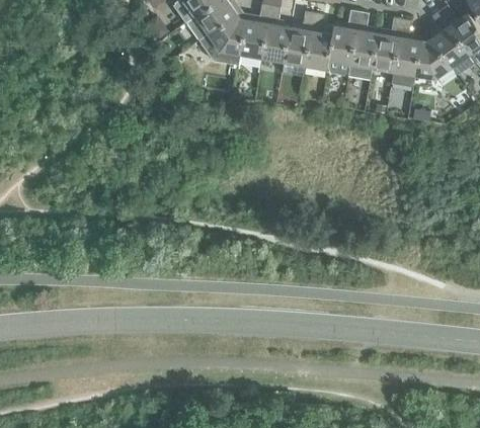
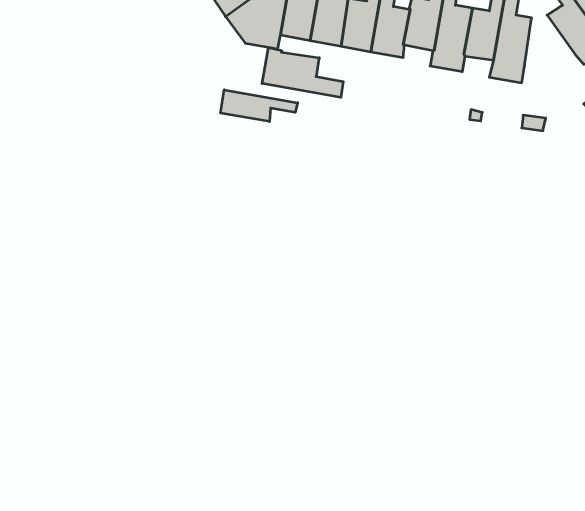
building: [415,39,452,79] -> none
building: none -> [262,47,343,97]
building: none -> [221,90,298,122]

